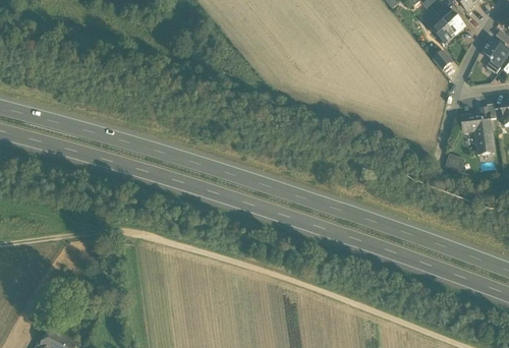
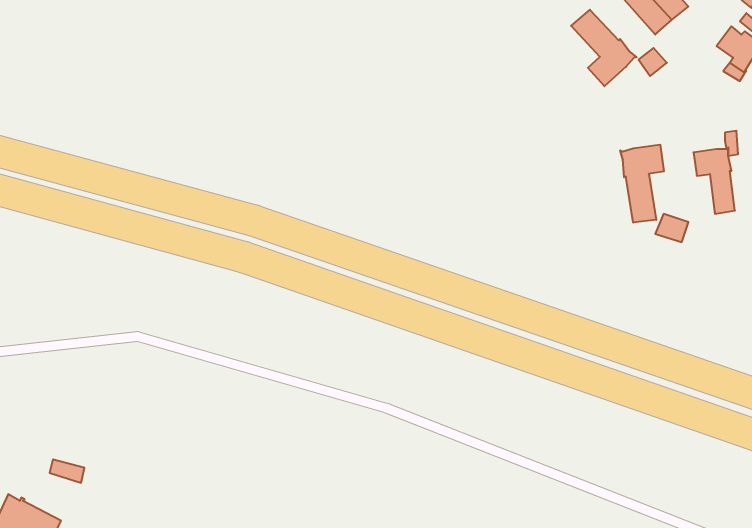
building: none -> [571,10,637,86]
building: none -> [620,145,664,223]

